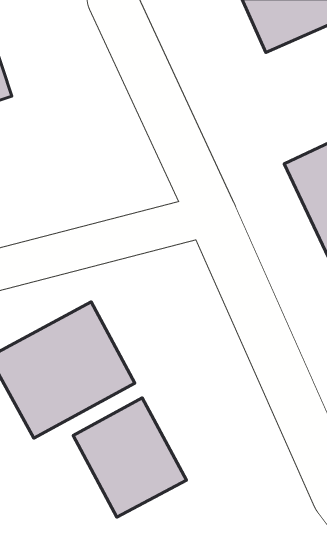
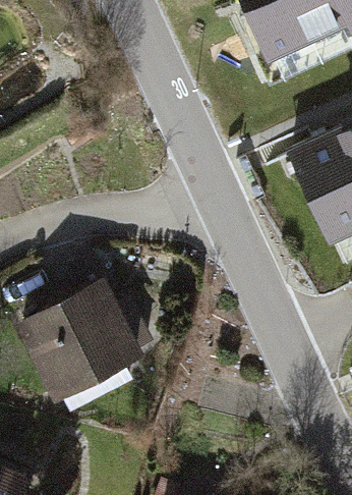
building: [73,398,187,517] -> none

